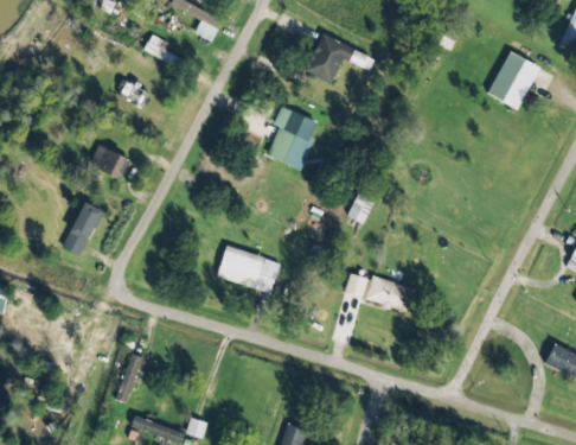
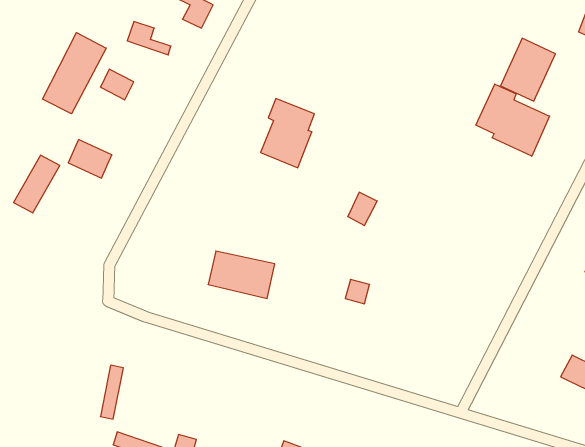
building: [305,34,373,84] -> none
building: none -> [43,33,106,114]
building: none -> [476,84,550,156]
building: [60,203,103,256] -> [14,155,60,213]
building: [365,275,416,313] -> none

